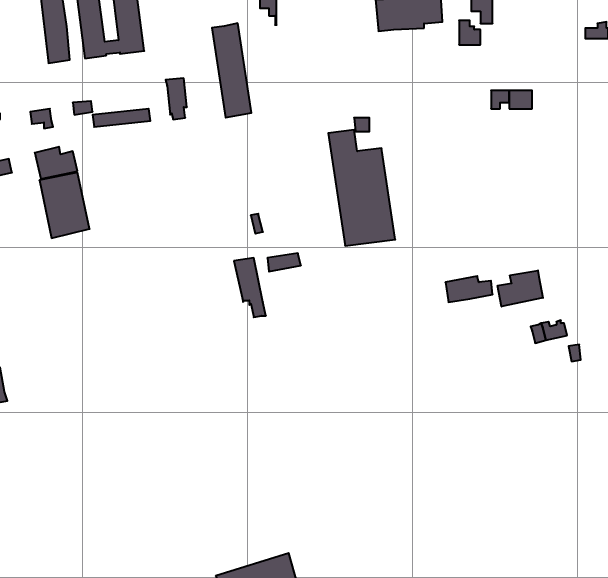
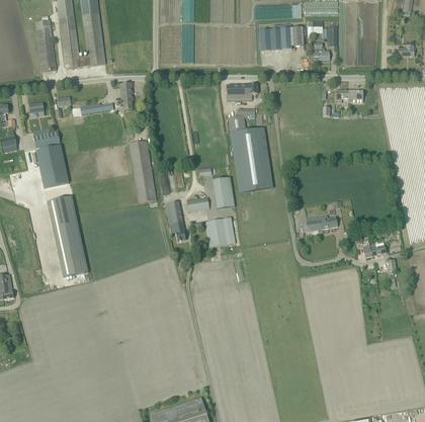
building: [212,23,251,118] -> [130,140,156,202]
building: none -> [227,84,257,98]
building: none -> [214,177,235,208]
building: none -> [47,195,88,277]
building: [498,270,543,307] -> none
building: none -> [204,218,236,247]

